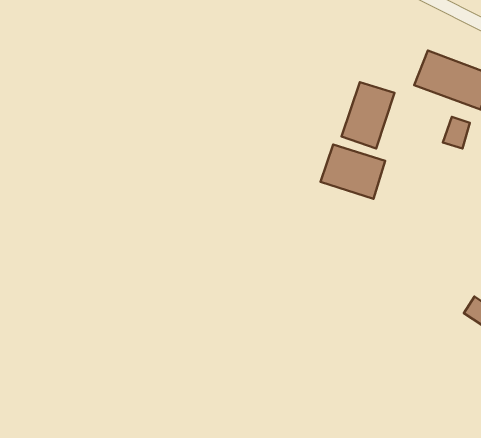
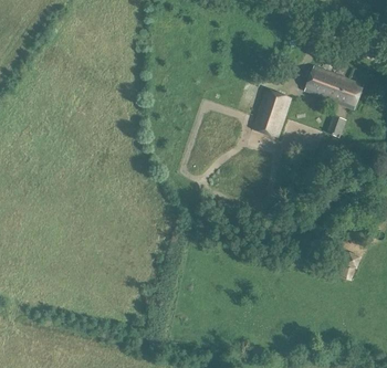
building: [320,145,385,199] -> none

